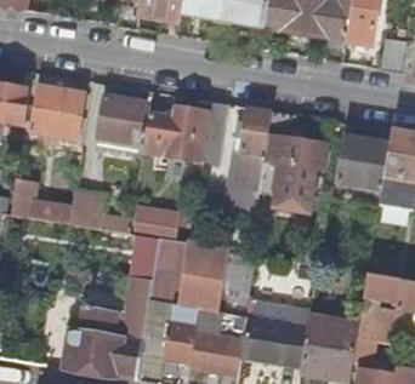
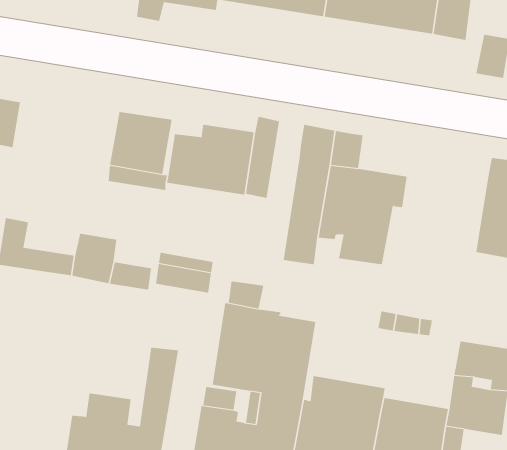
building: [29,84,84,138] -> none
building: [336,136,388,189] -> none
building: [147,237,186,305] -> none

